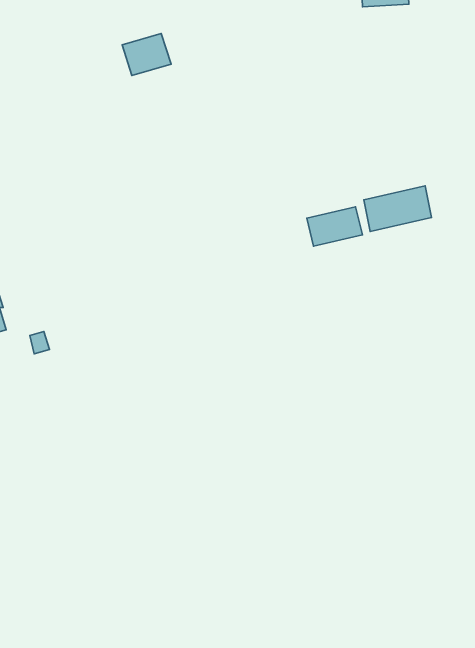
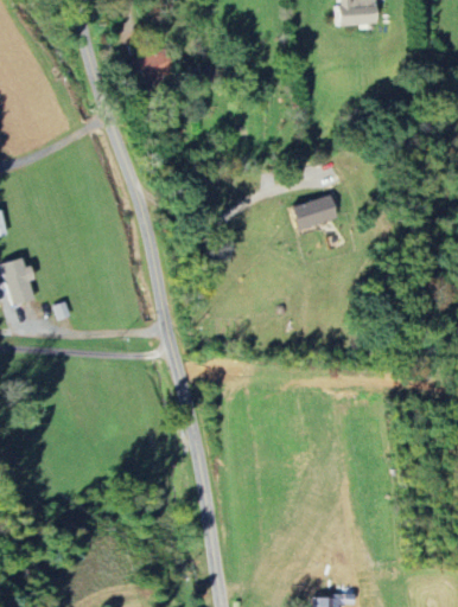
building: [364,186,432,232] -> none

